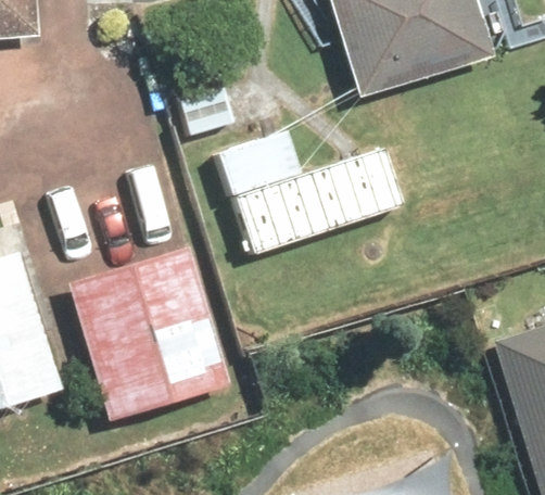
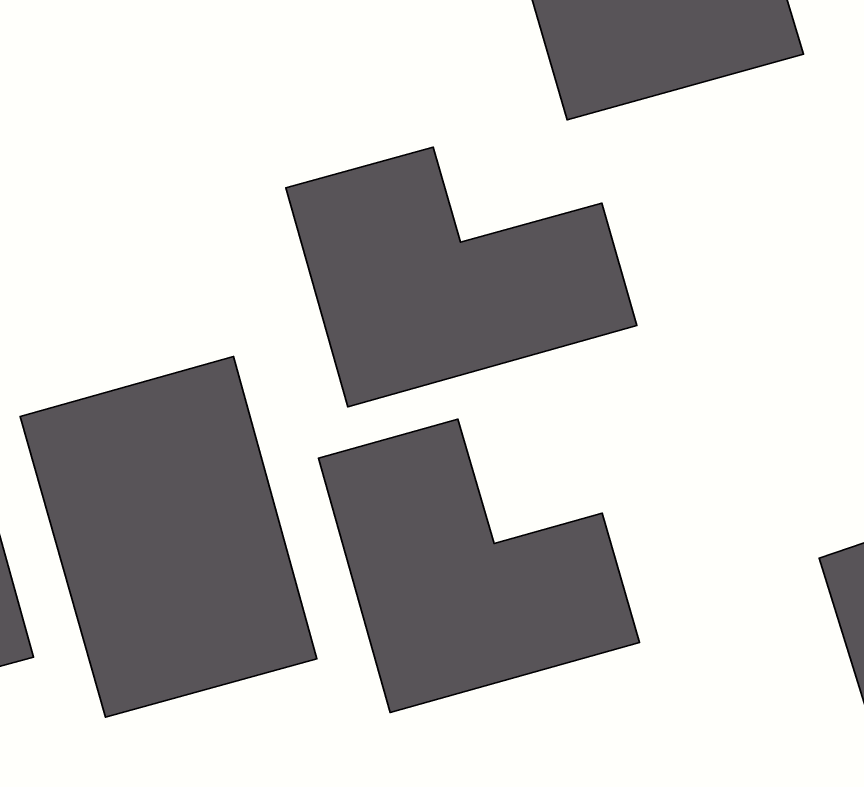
building: none -> [319,419,640,713]

